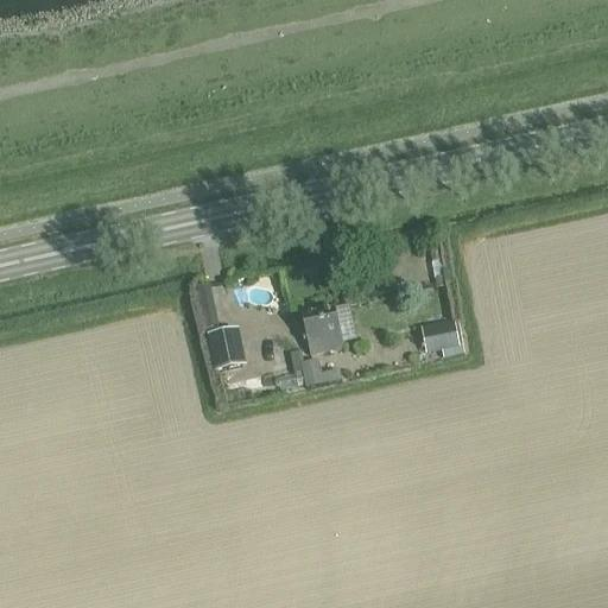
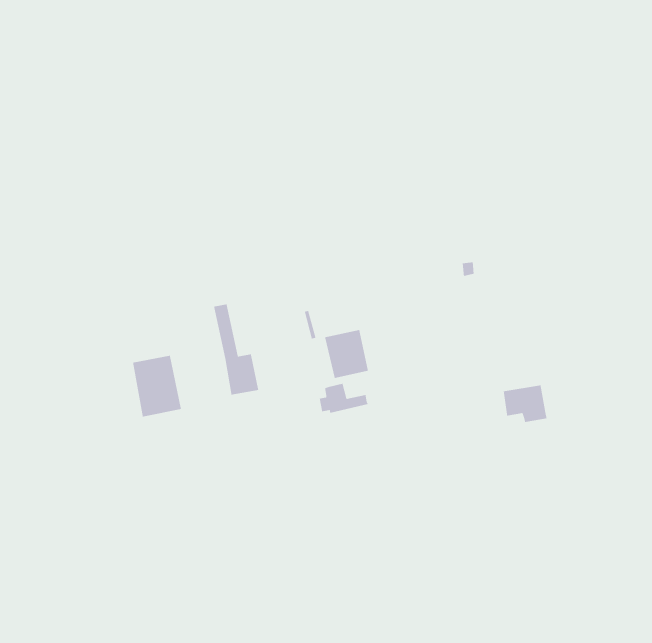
building: [423,319,464,355] -> [503,385,547,423]
building: none -> [132,355,182,418]

